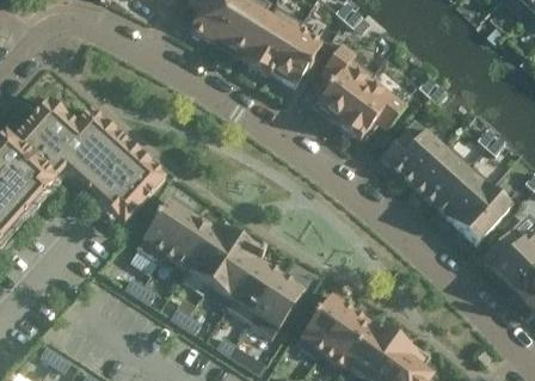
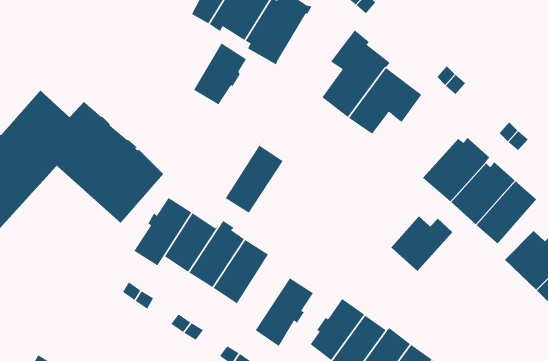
building: [270,29,320,87] -> [193,42,247,105]
building: [380,129,438,182] -> [391,215,453,272]
building: [226,253,281,324] -> [225,138,284,214]

